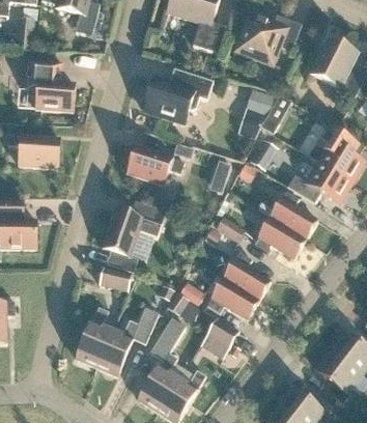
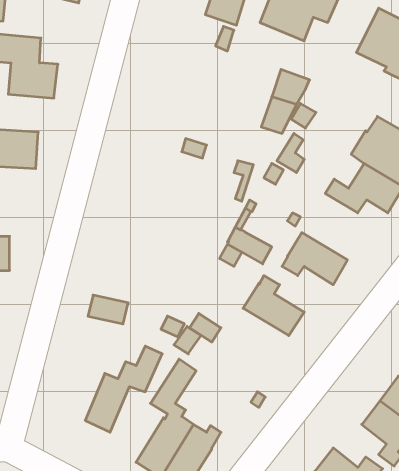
building: [143,72,213,123] -> none
building: [128,146,184,184] -> none
building: [269,191,317,239] -> none
building: [103,201,165,257] -> none
building: [206,278,258,319] -> none
building: [76,307,112,367] -> none
building: [205,318,237,349] -> none

